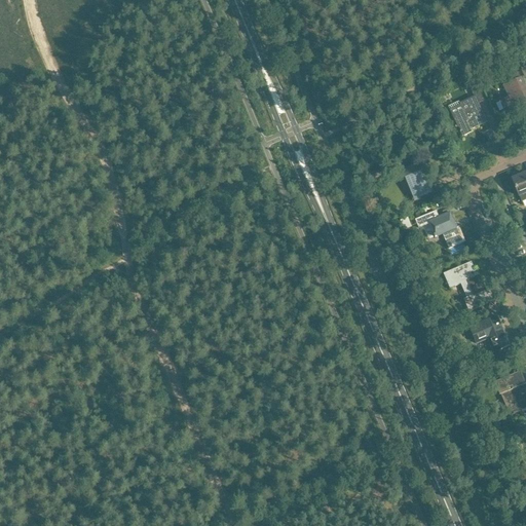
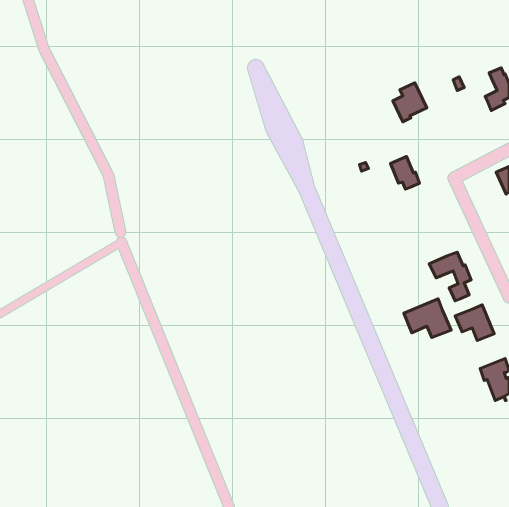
building: [452,95,487,135] -> [393,83,427,122]
building: [415,210,465,247] -> none
building: none -> [404,299,451,338]

